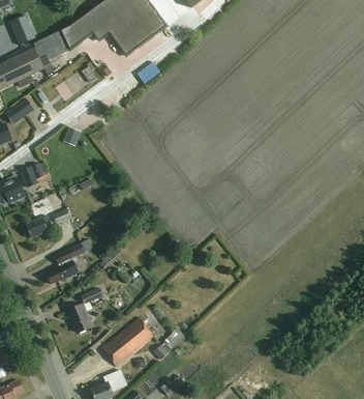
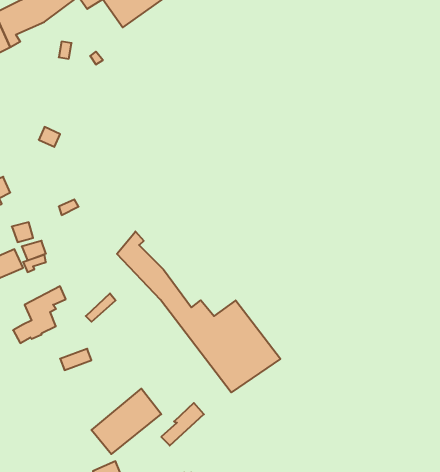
building: none -> [117,231,280,392]
building: [68,302,92,332] -> none

